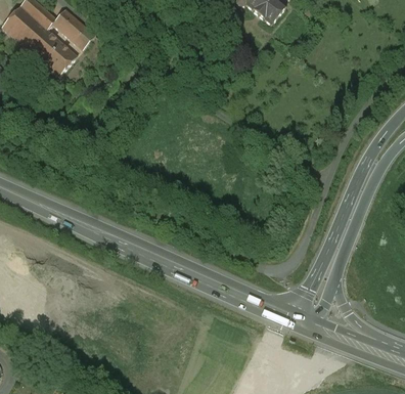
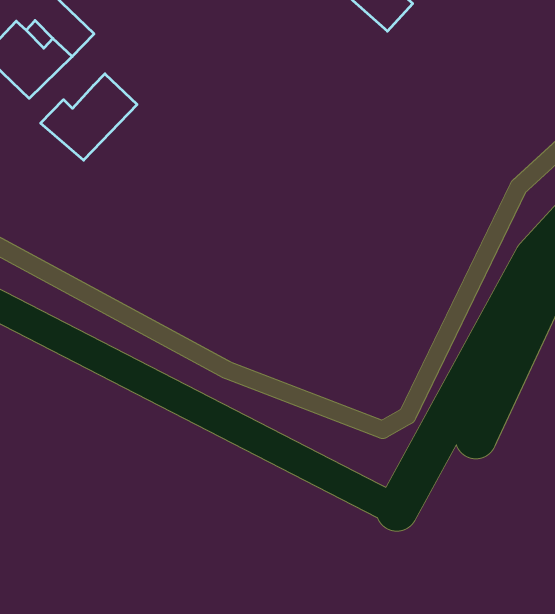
building: none -> [41,74,137,160]

